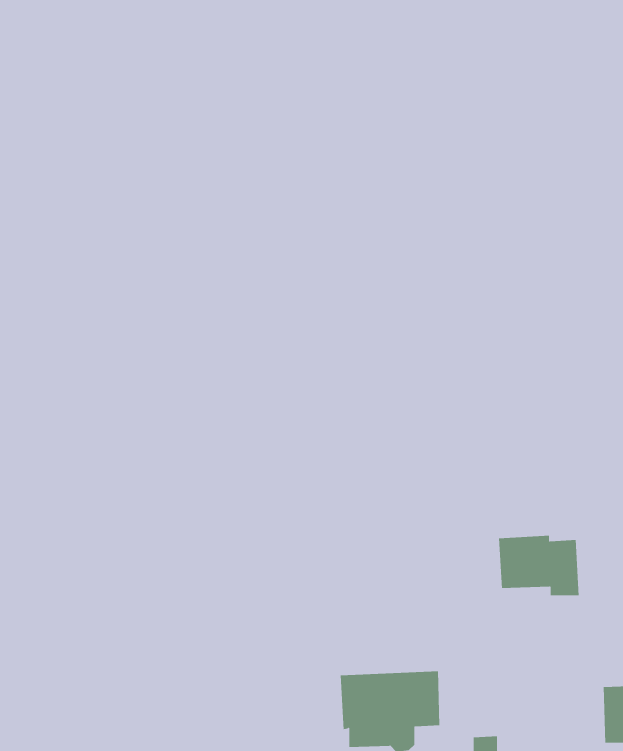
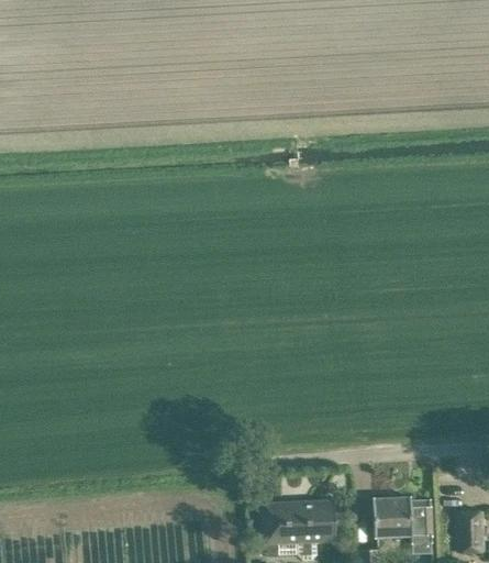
building: [498,535,579,596] -> [373,496,433,541]

